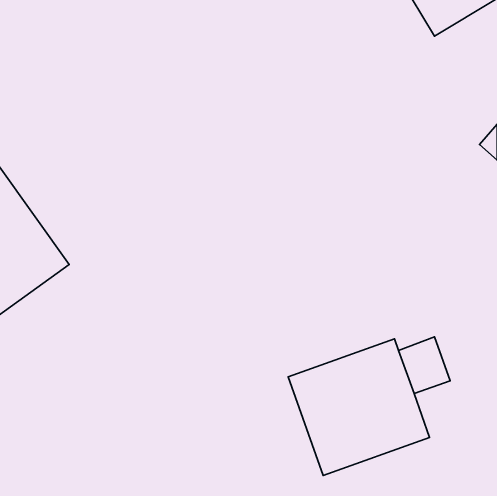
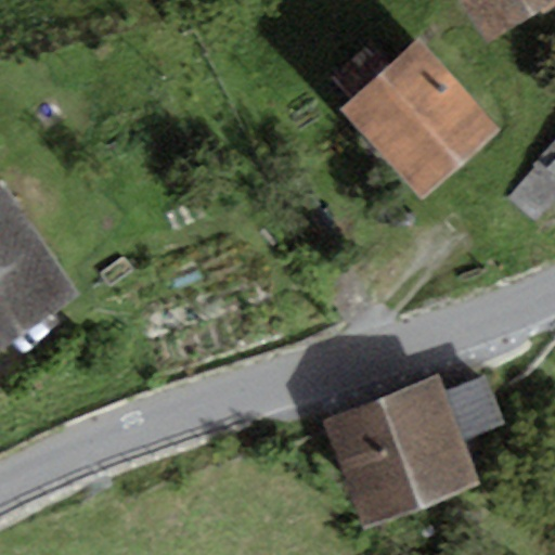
building: none -> [339,35,501,197]

